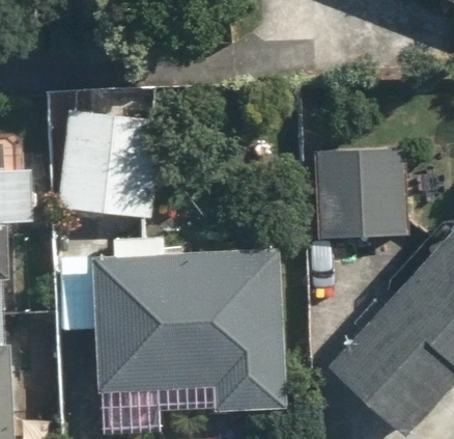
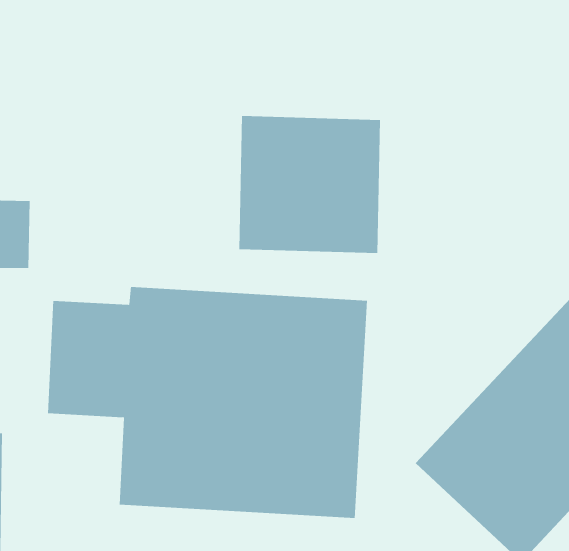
building: [54,98,151,212] -> none
building: [304,145,410,249] -> [238,116,381,254]

